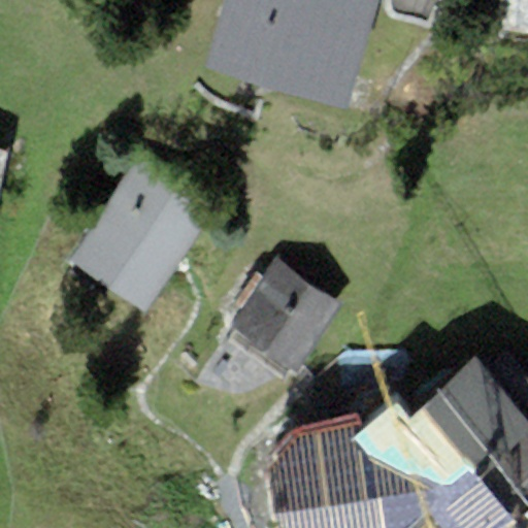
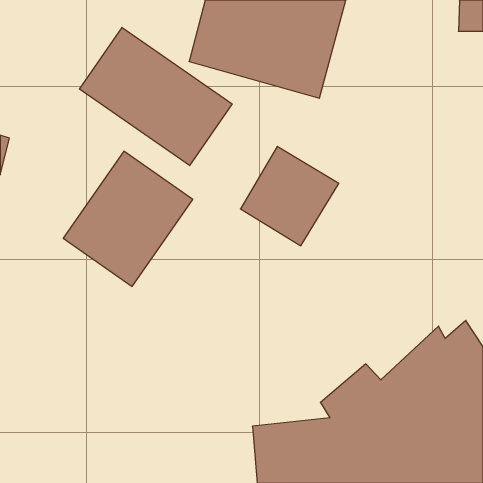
building: none -> [80,27,232,166]
building: [229,262,336,370] -> [240,146,339,246]

